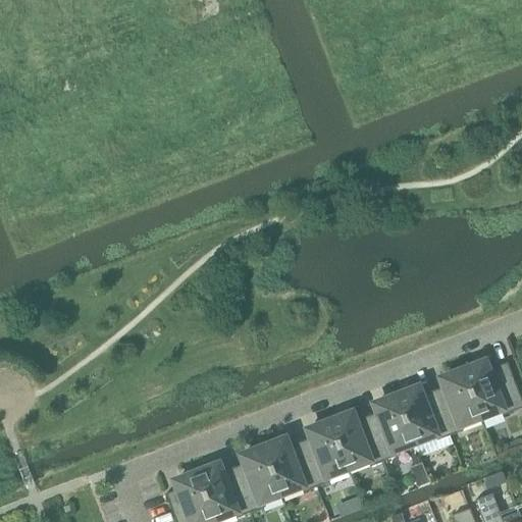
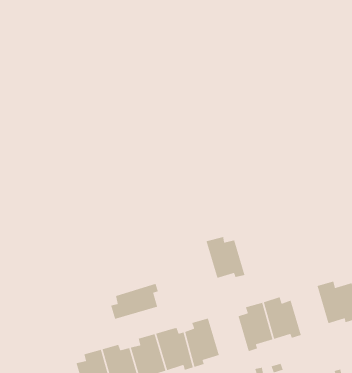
building: [431,367,480,432] -> none
building: none -> [110,283,159,320]
building: [328,411,382,466] -> [206,236,245,279]

